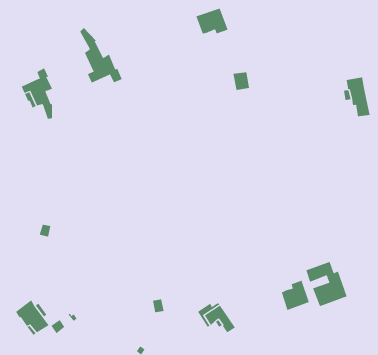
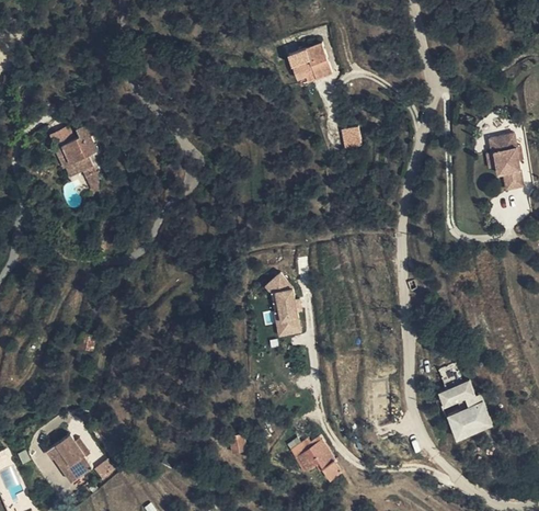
building: [79,27,123,83] -> none
building: none -> [268,276,300,339]
building: [281,280,310,311] -> none

